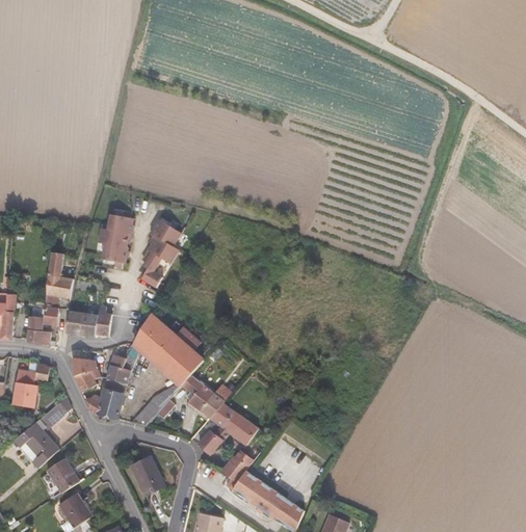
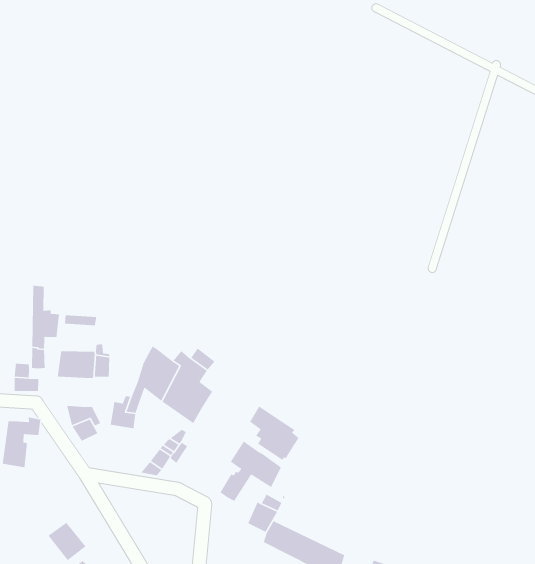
building: [96,215,131,263] -> none
building: [142,216,180,282] -> none
building: [181,370,223,420] -> [249,406,300,461]
building: [85,381,128,419] -> none
building: [15,399,72,470] -> none
building: [131,459,164,497] -> none

